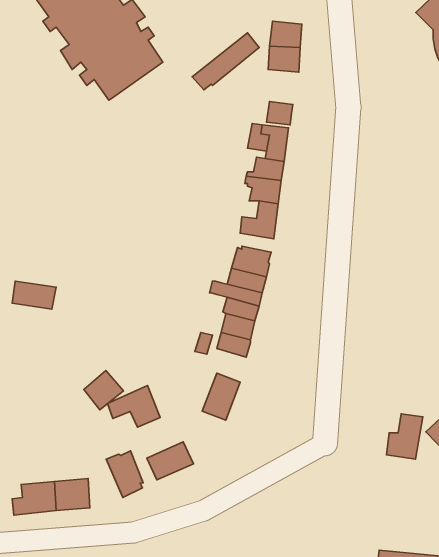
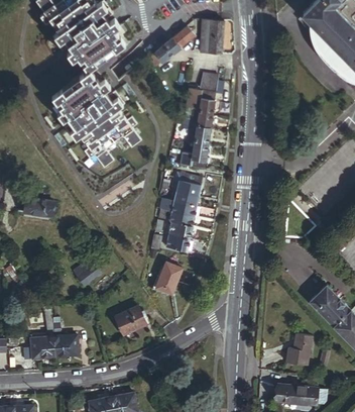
building: none -> [56,72,142,168]
building: [108,385,160,427] -> none
building: [386,414,423,459] -> [286,334,312,366]
building: [106,451,143,498] -> none

